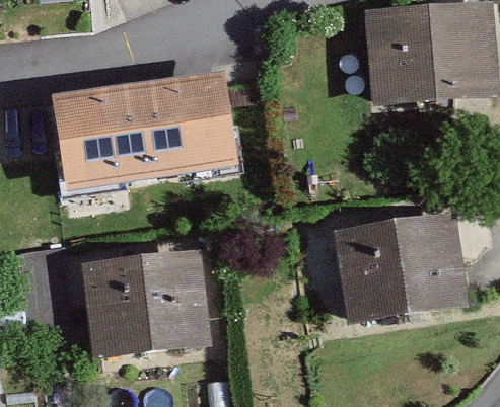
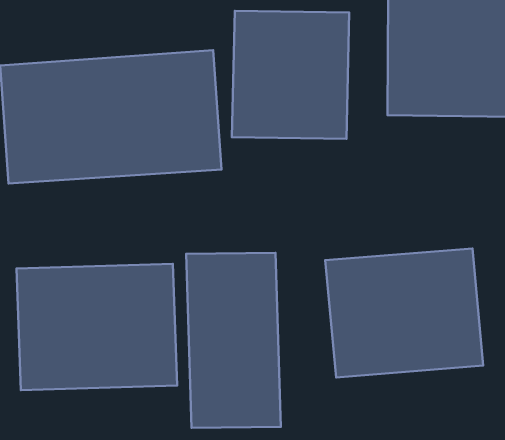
building: none -> [232,11,349,139]
building: none -> [186,253,281,428]

